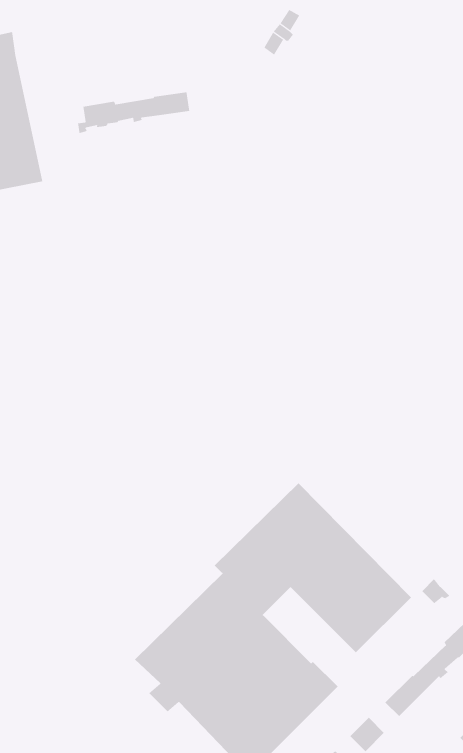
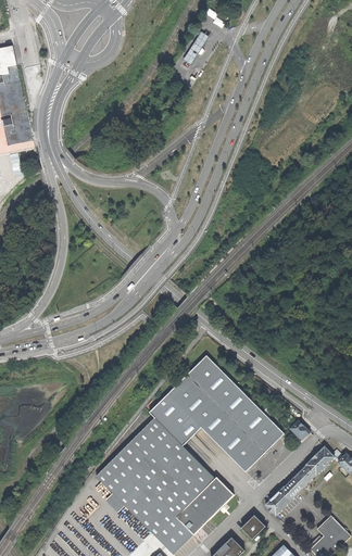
building: [77,92,190,134] -> none

